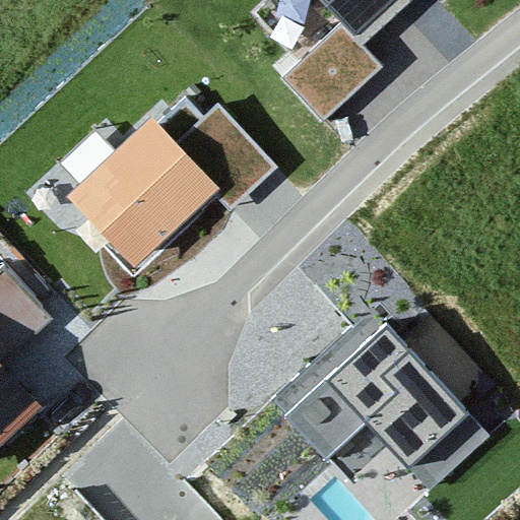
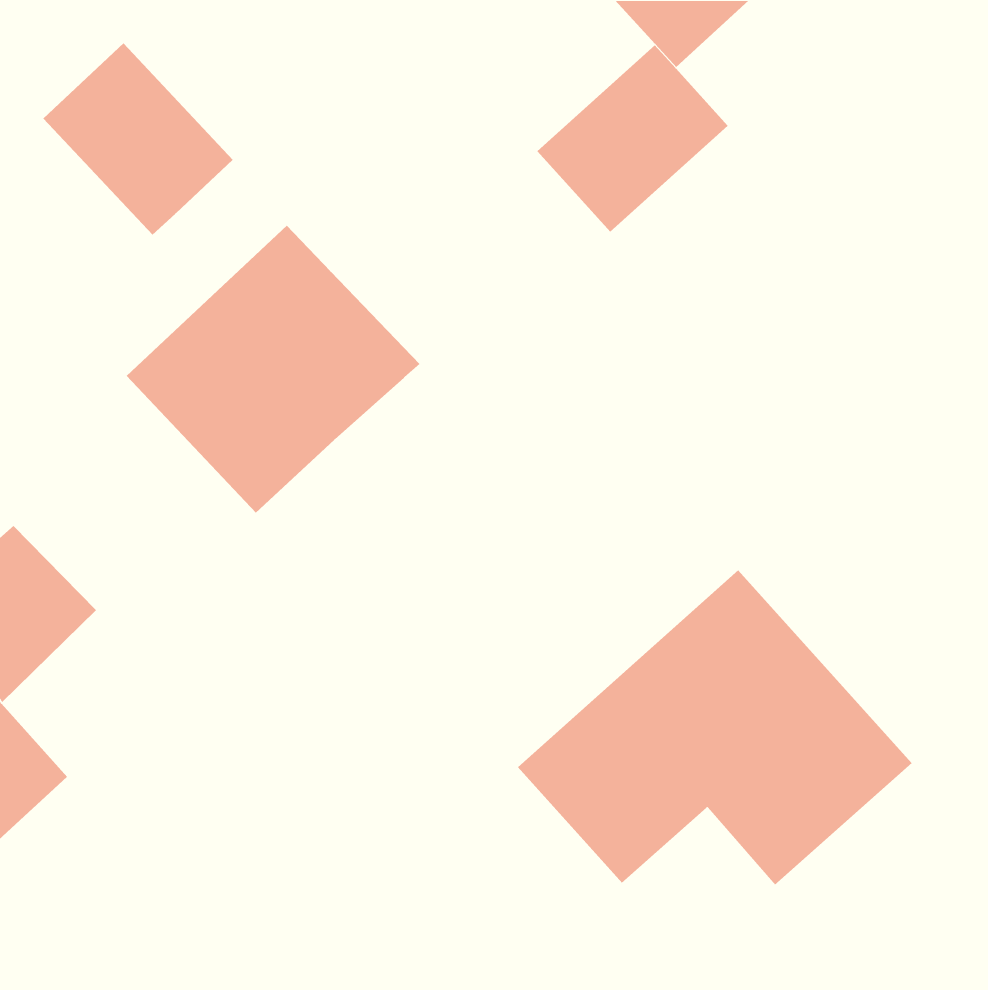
building: none -> [43,43,234,235]
building: [174,101,282,217] -> none

